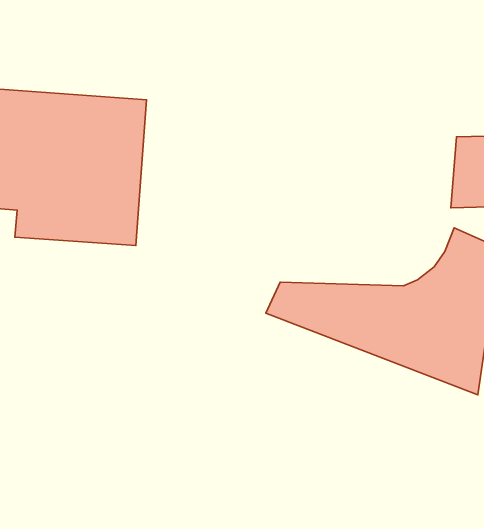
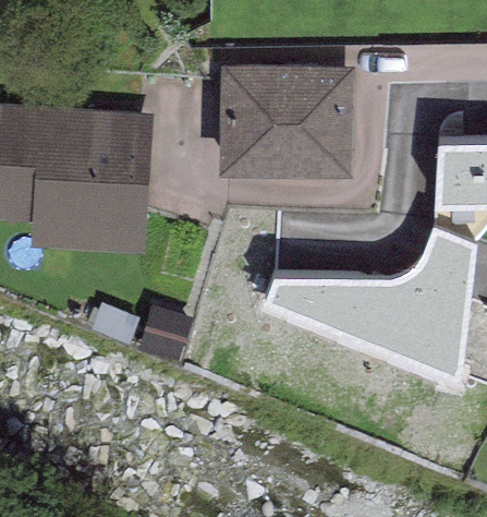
building: none -> [219,68,356,179]

